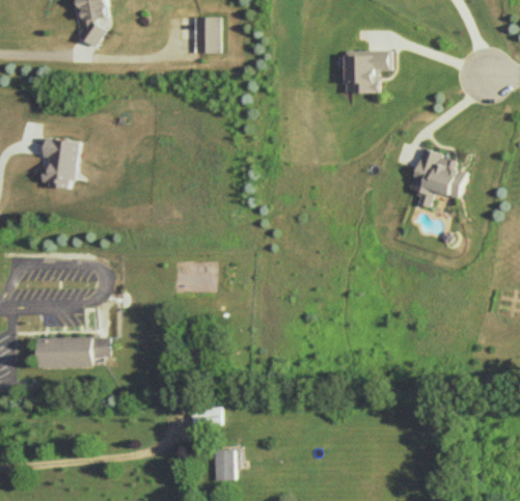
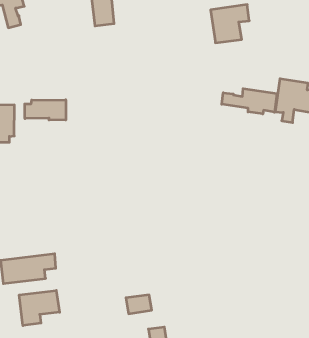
building: none -> [25,100,66,120]
building: none -> [222,89,277,114]
building: none -> [19,290,60,326]

